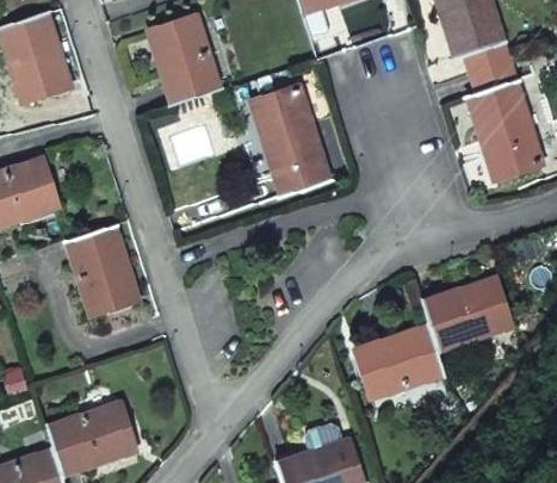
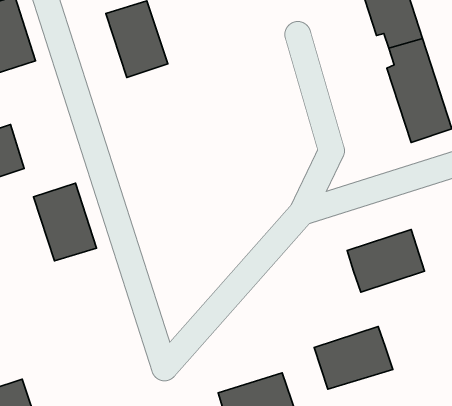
building: [252,87,330,194] -> none
building: [358,324,447,396] -> [314,326,393,389]
building: [48,401,135,472] -> none

